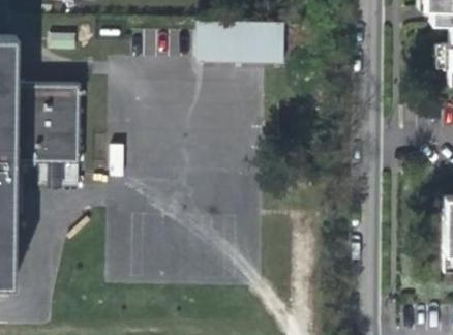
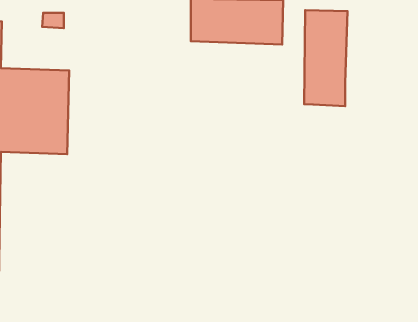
building: none -> [304,10,348,106]

